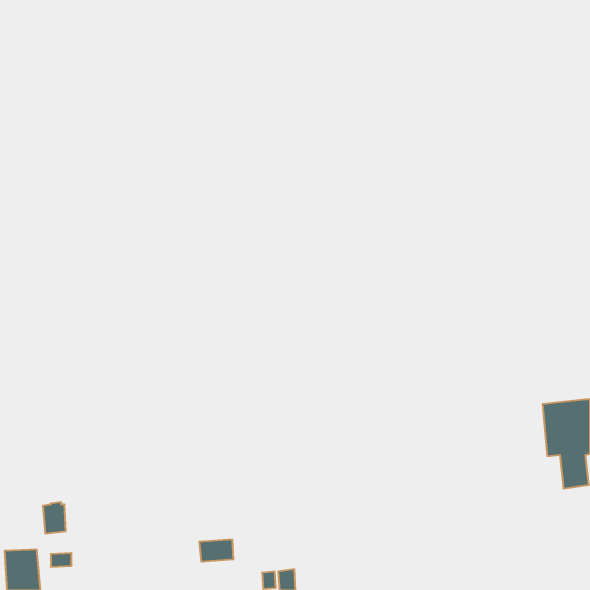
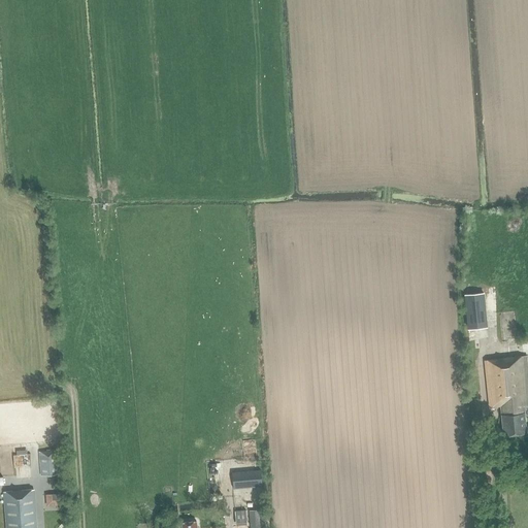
building: none -> [464,293,486,328]
building: [199,540,234,562] -> [231,470,262,490]

